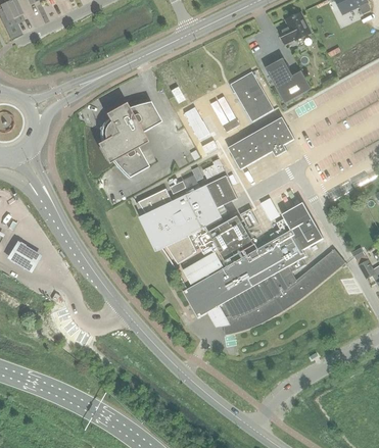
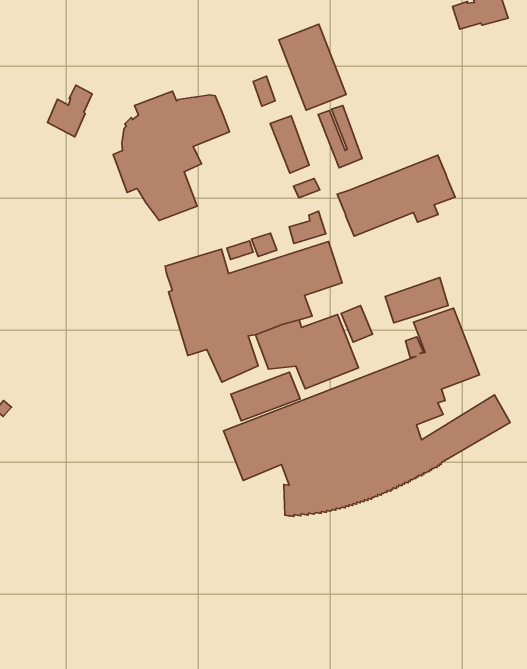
building: [265,57,312,103] -> none
building: [228,68,271,118] -> [279,24,346,110]
building: none -> [47,85,92,137]

